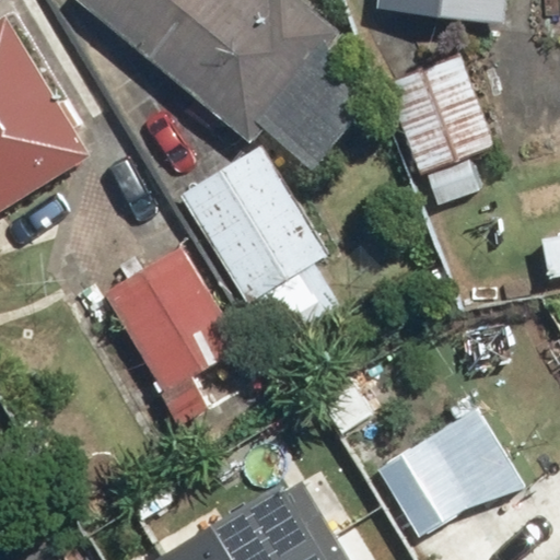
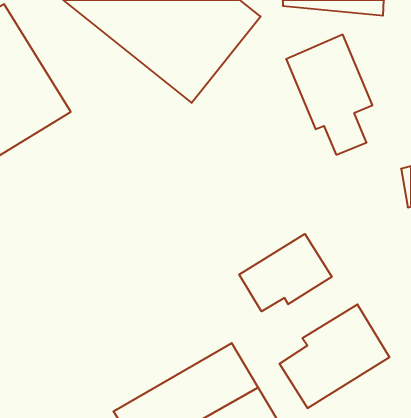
building: [179,144,340,343] -> none
building: [103,249,240,428] -> none
building: none -> [239,234,332,311]

